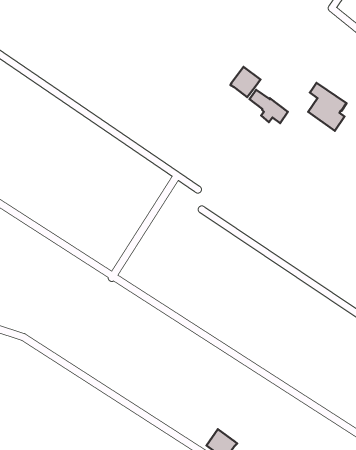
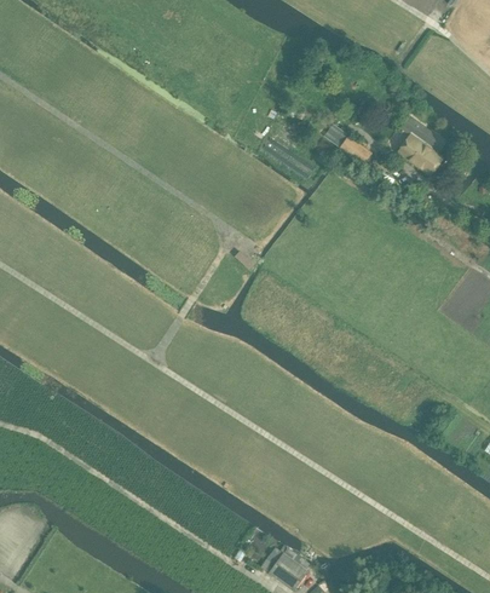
building: [230,67,260,97] -> none

